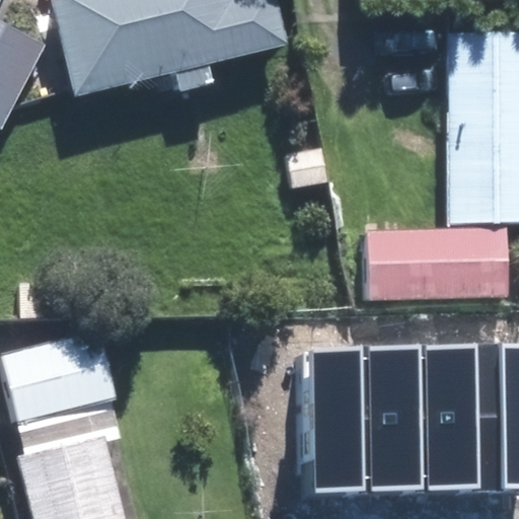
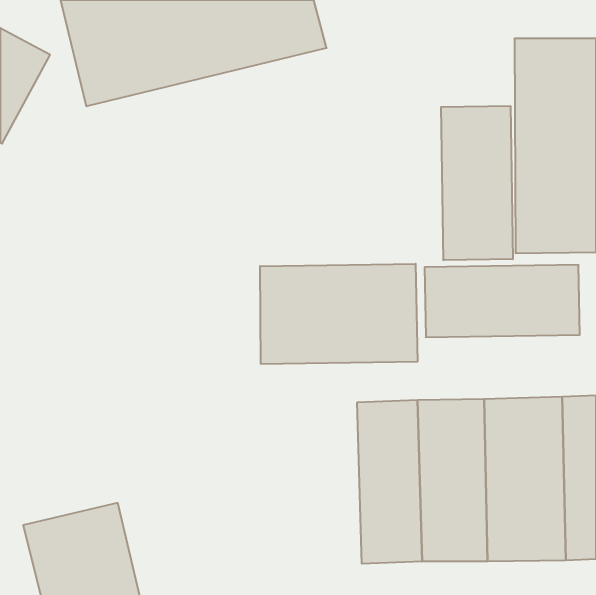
building: none -> [441,106,513,260]
building: none -> [260,264,417,364]
building: [5,336,107,418] -> none

